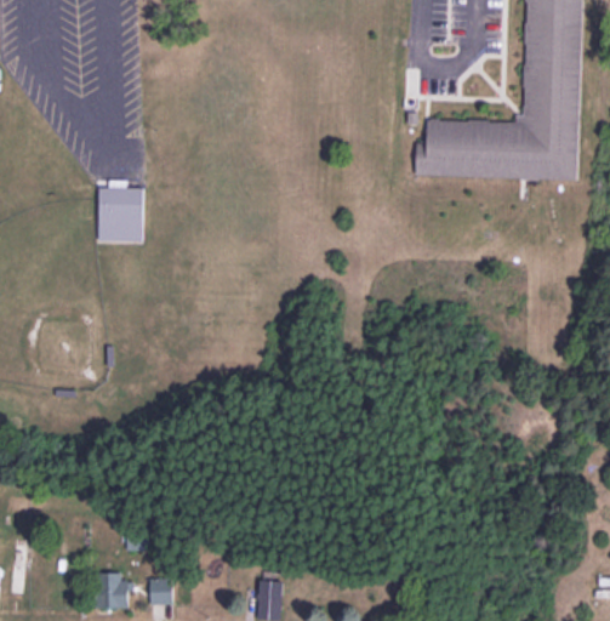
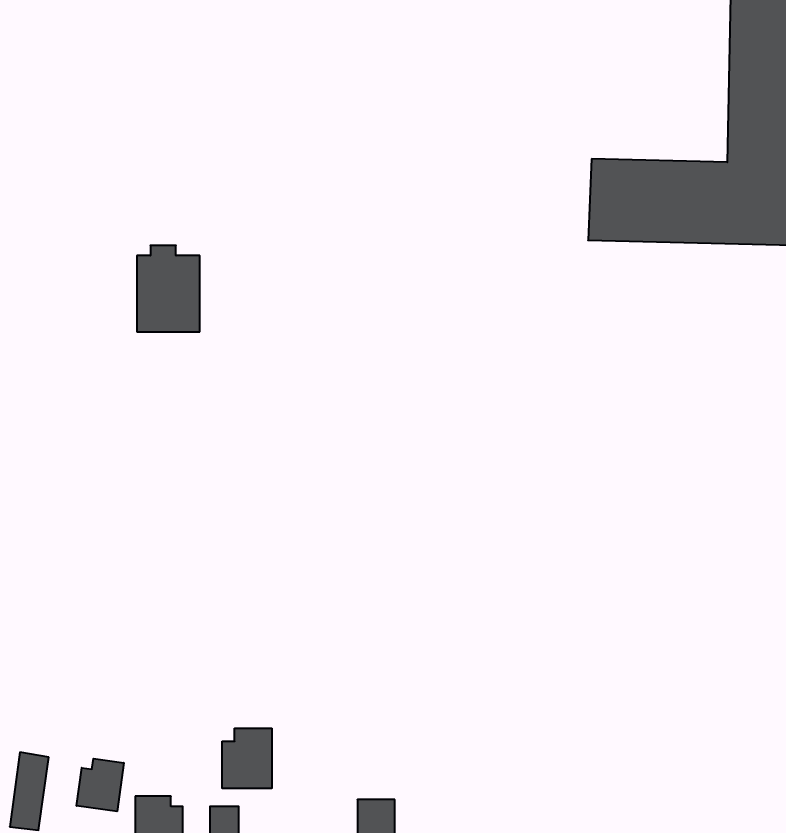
building: none -> [222,728,272,788]
building: none -> [77,759,124,811]

